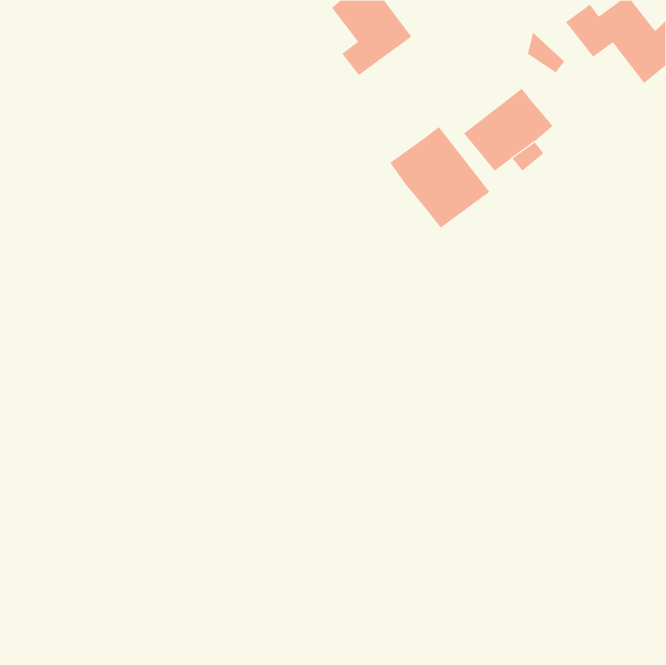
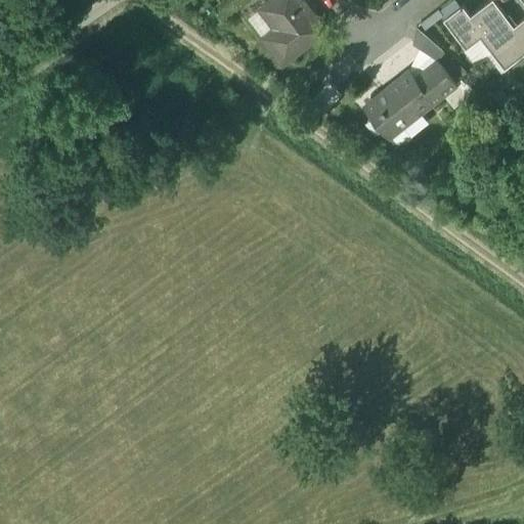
building: none -> [416,63,454,101]
building: [390,126,490,228] -> none

